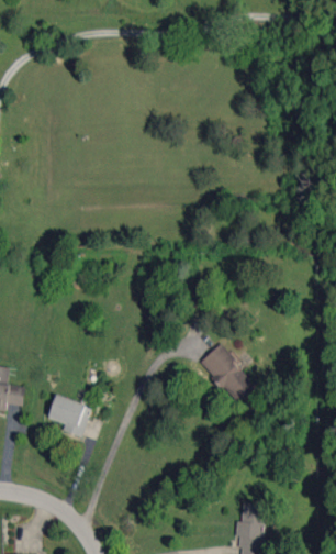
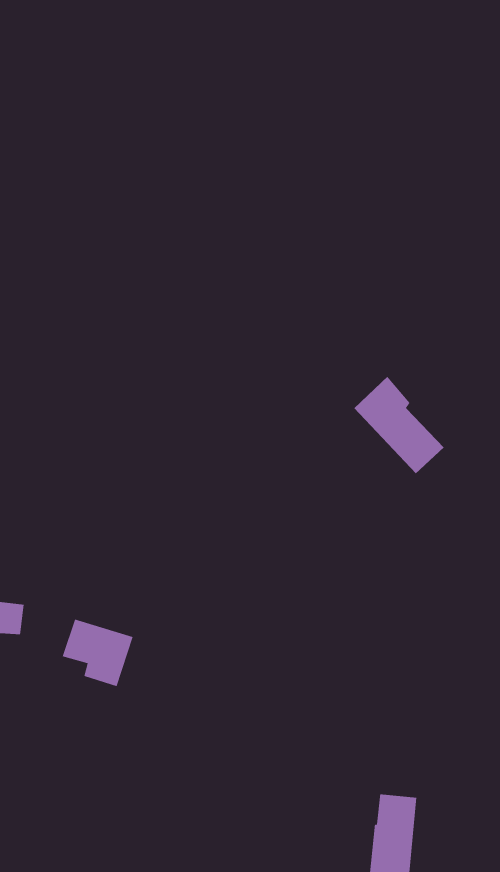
building: [199,343,255,403] -> [353,376,444,474]

